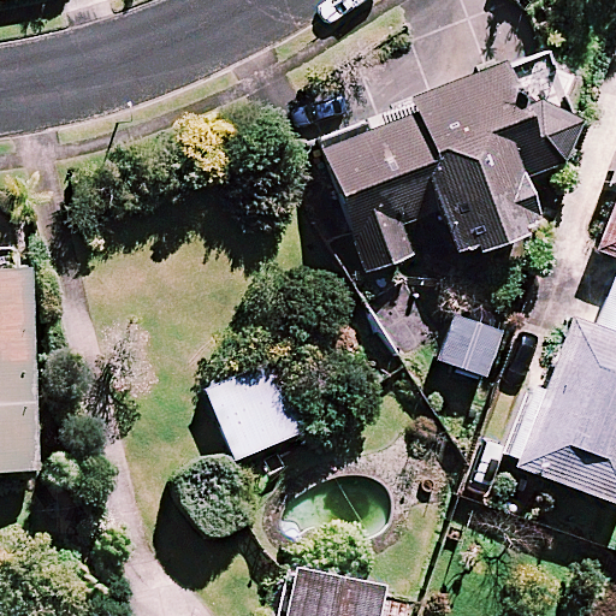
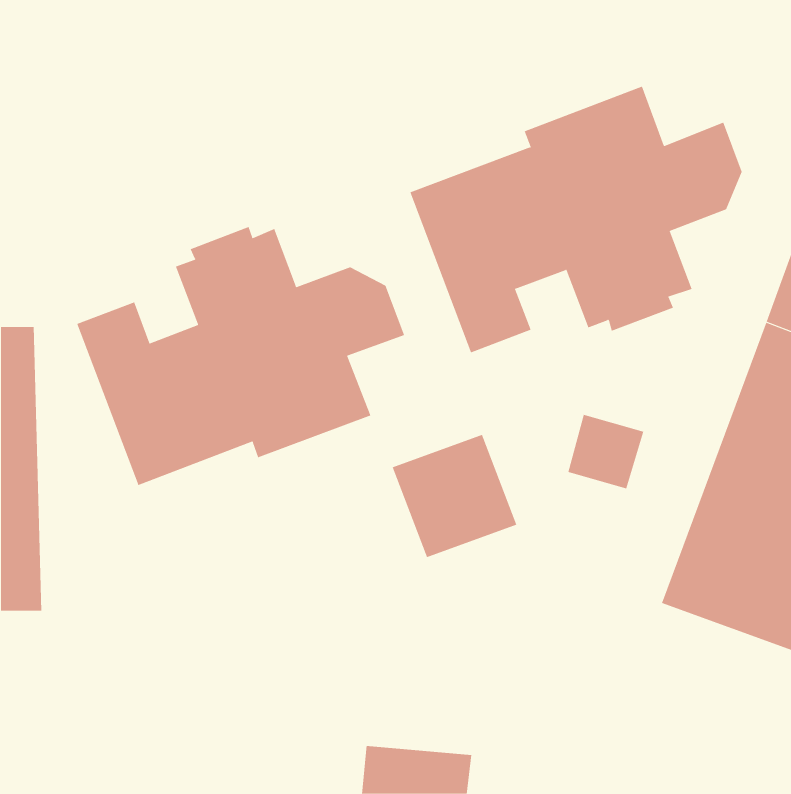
building: none -> [76,226,405,486]
building: [211,361,307,456] -> [392,434,517,558]

